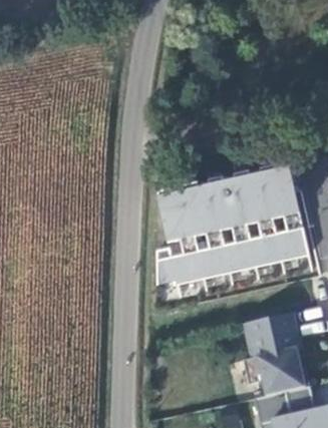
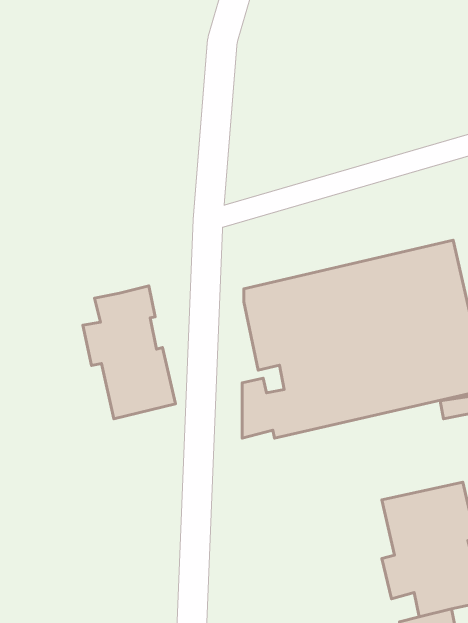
building: none -> [83,286,175,419]

